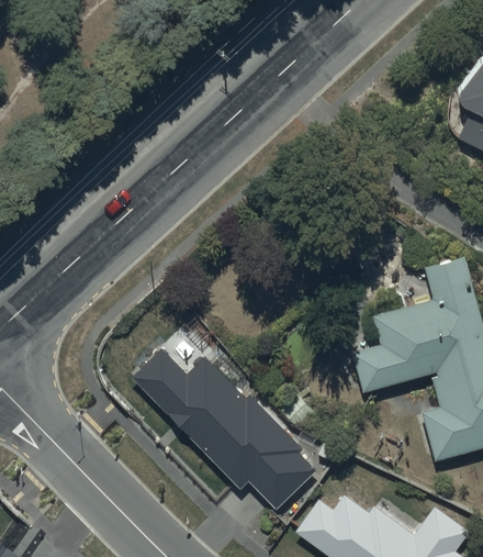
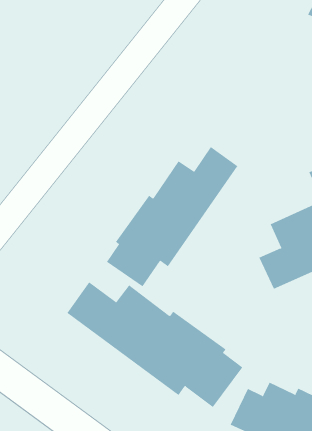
building: none -> [106,146,238,287]

